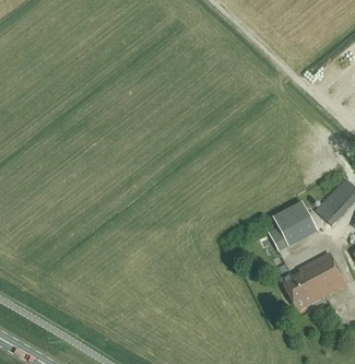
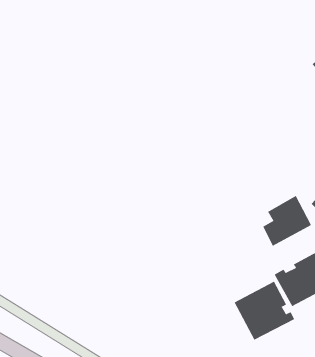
building: none -> [234,281,295,341]

